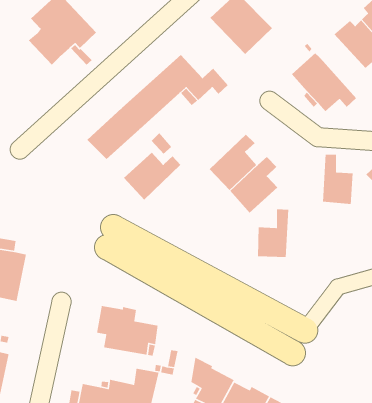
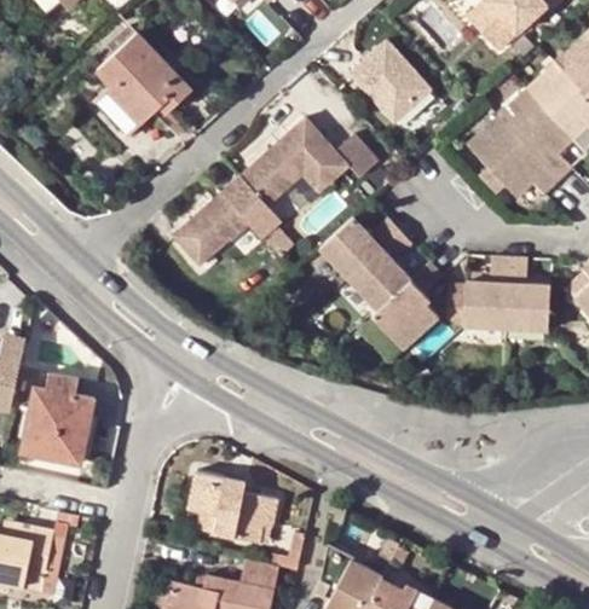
building: none -> [502,93,565,182]
building: [123,152,181,200] -> [317,214,398,282]
building: [257,208,289,258] -> [463,259,508,327]

